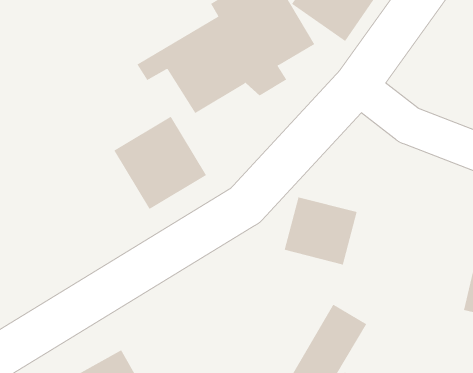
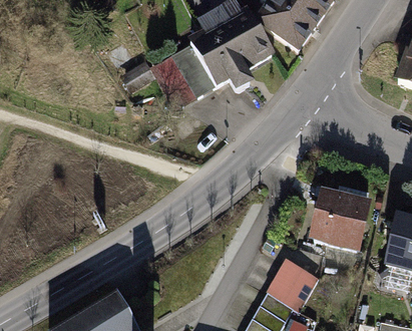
building: [114,116,207,210] -> none
building: [284,197,357,265] -> [312,191,370,245]

